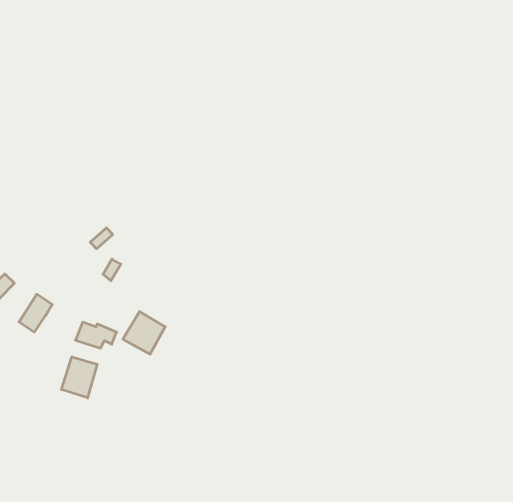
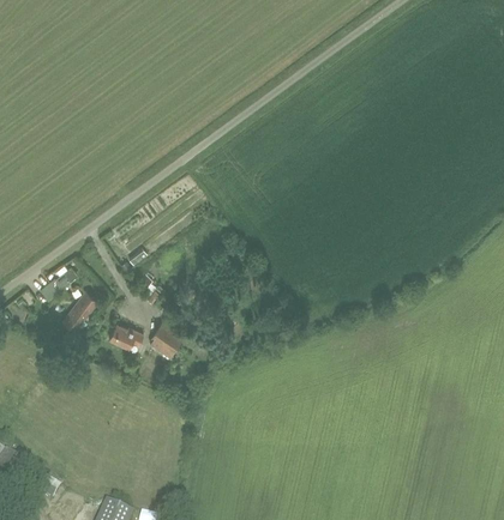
building: [61,357,97,398] -> none

